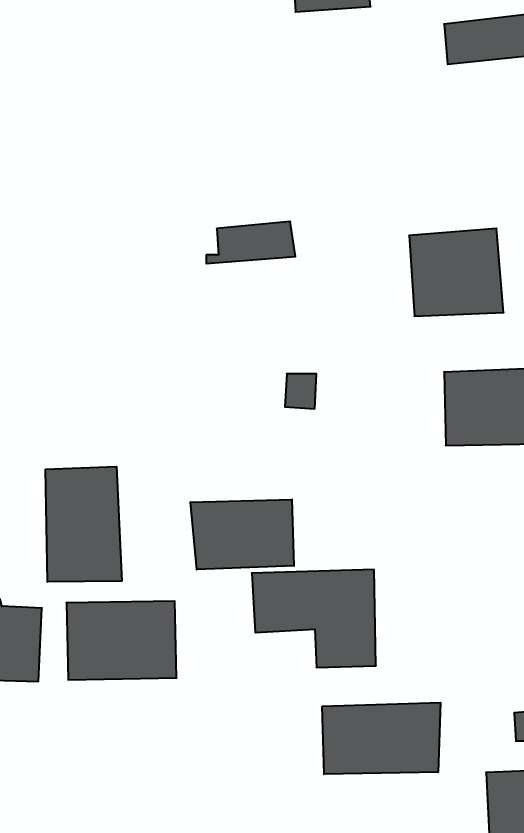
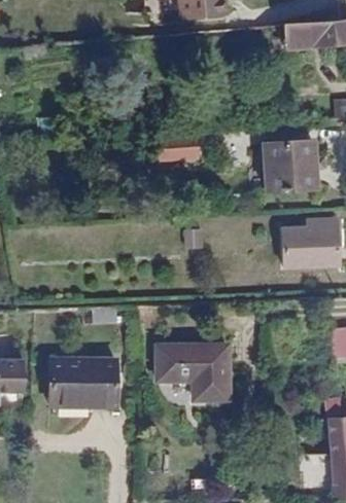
building: [46,467,122,582] -> none
building: [190,499,294,570] -> none
building: [322,703,441,774] -> none

